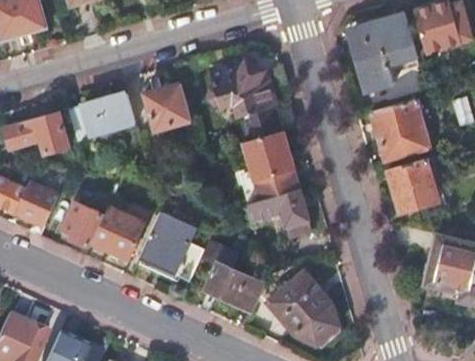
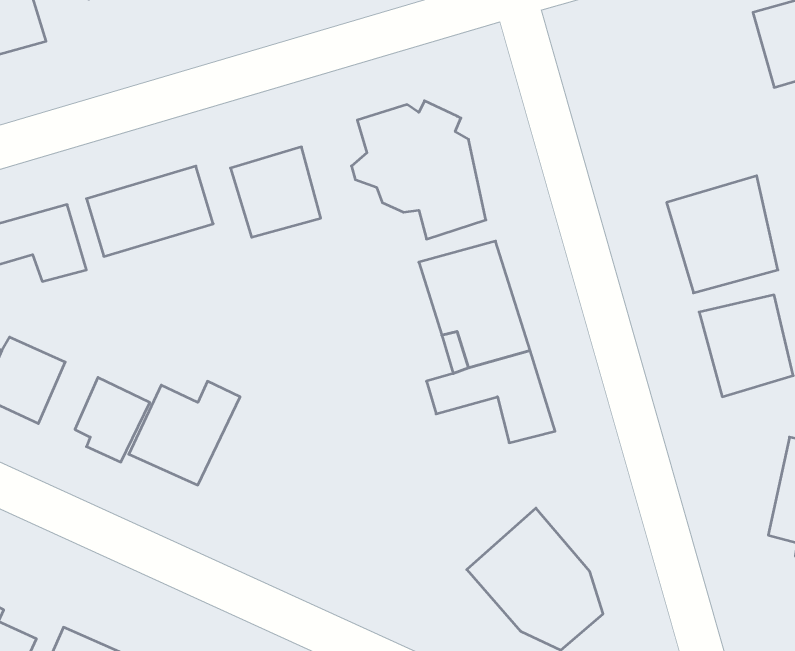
building: [348,12,422,90] -> none
building: [139,211,197,275] -> none
building: [201,239,265,309] -> none

